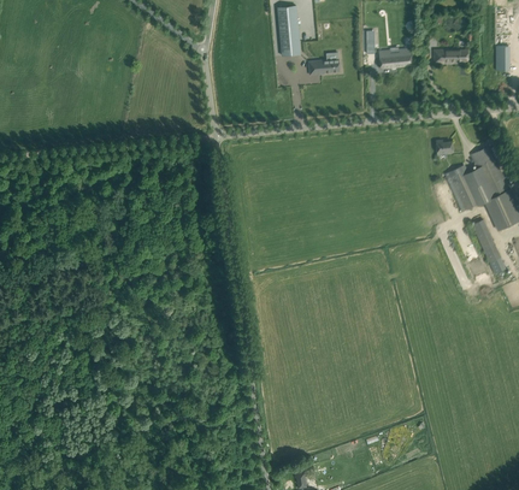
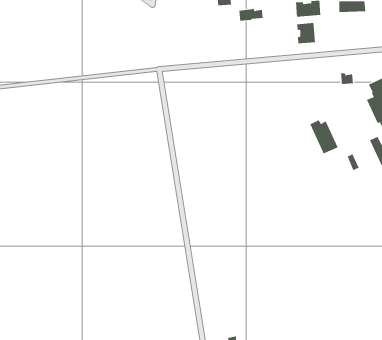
building: none -> [296,22,316,44]
building: [444,166,480,209] -> [310,120,338,154]

